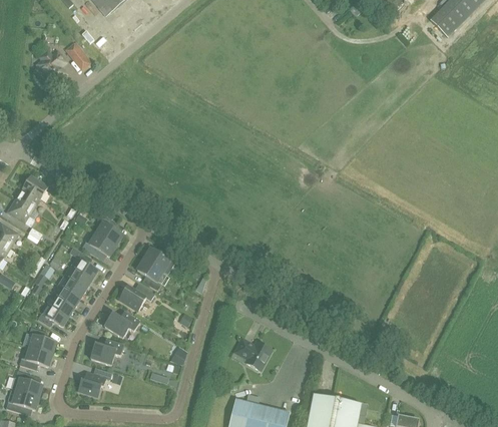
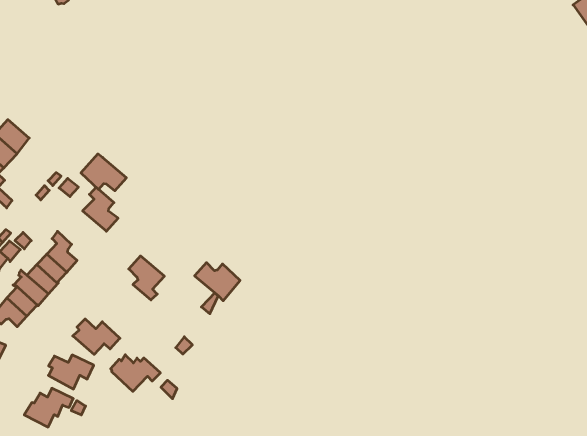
building: [81,231,115,257] -> [81,154,126,191]
building: [143,247,177,274] -> [195,263,240,301]
building: [117,285,154,311] -> [111,355,160,391]
building: [235,340,271,371] -> none

